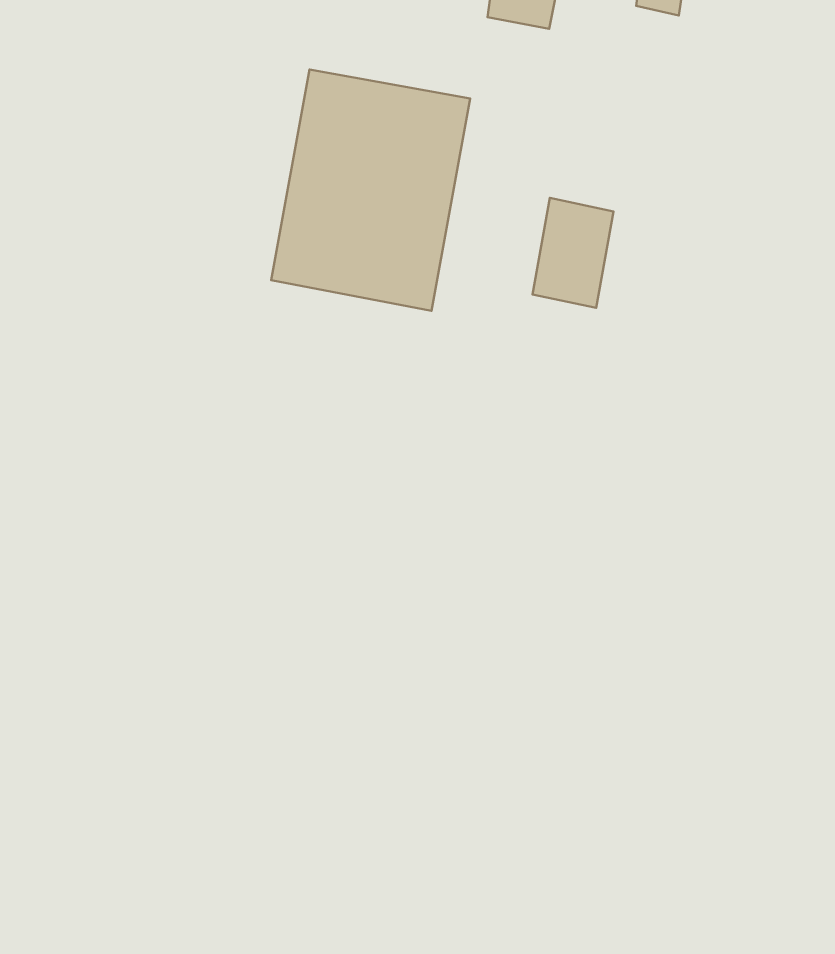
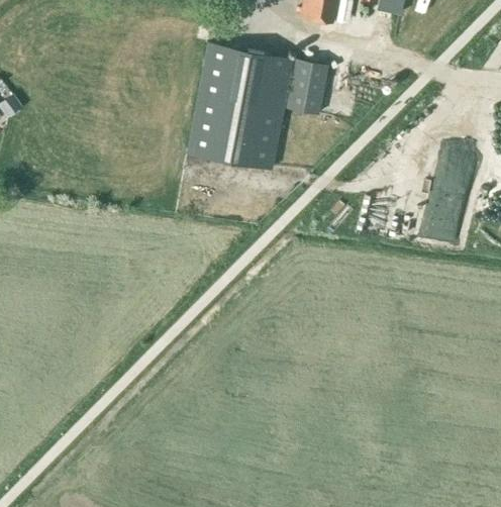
building: [532,198,613,308] -> [285,59,327,116]

